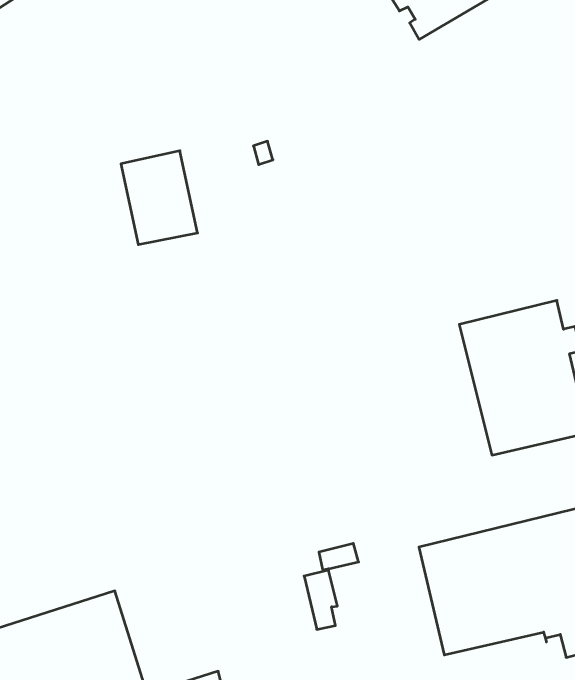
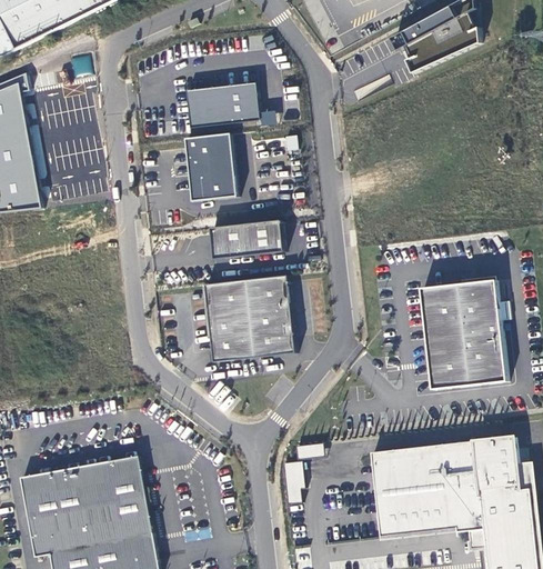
building: none -> [189,79,263,123]
building: none -> [211,219,285,259]
building: none -> [205,274,296,361]

